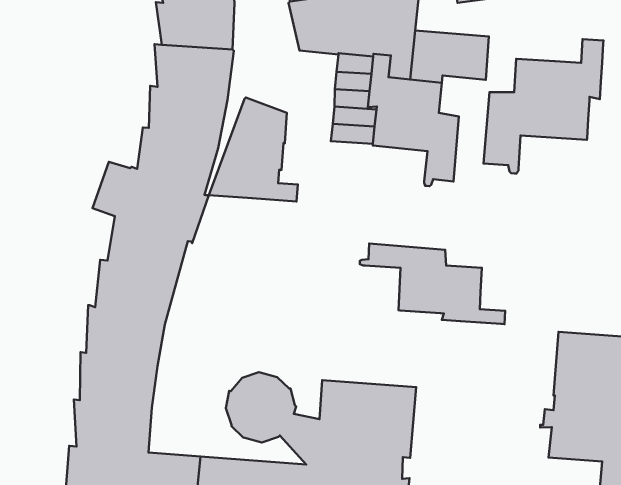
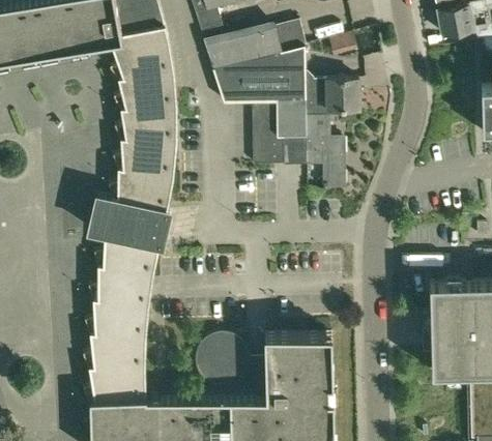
building: [484,39,603,174] -> none
building: [209,98,298,201] -> none
building: [360,244,505,324] -> none

